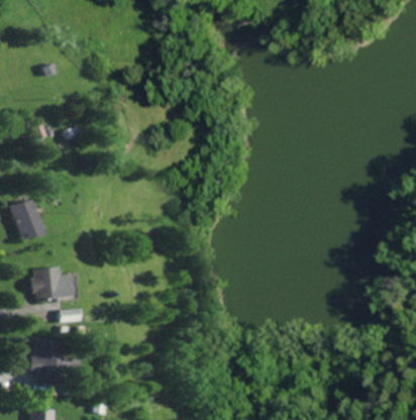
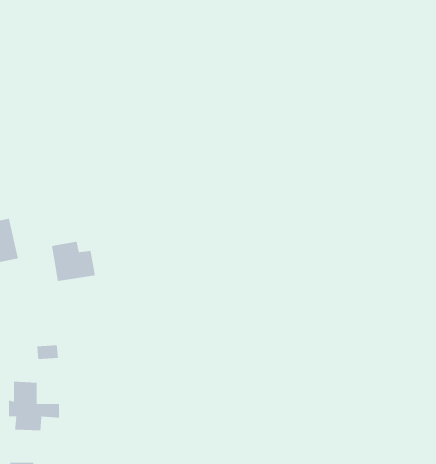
building: [30,266,69,301] -> [51,241,96,282]

